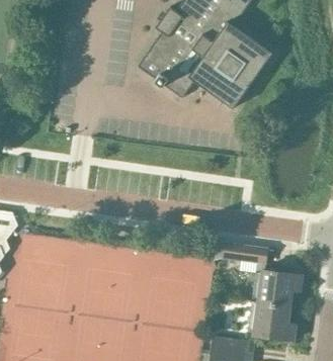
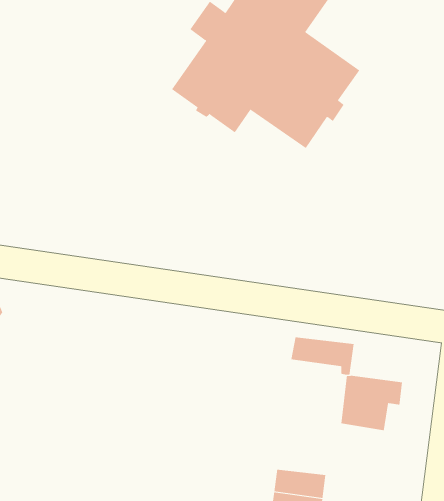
building: [254,304,297,341] -> none

